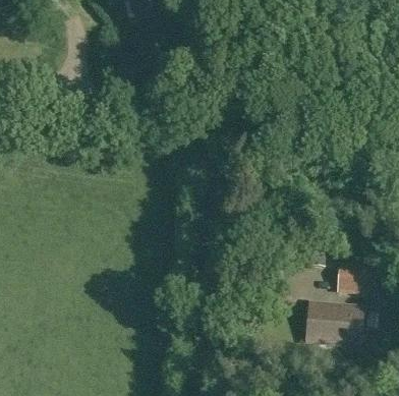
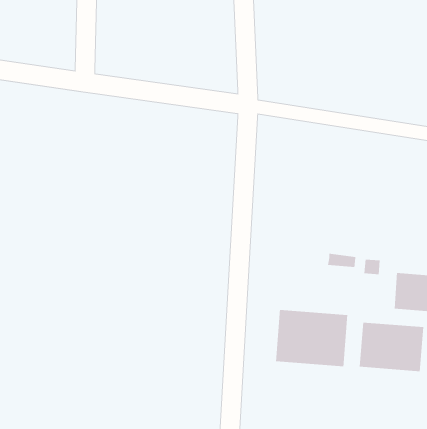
building: none -> [276,309,348,367]

